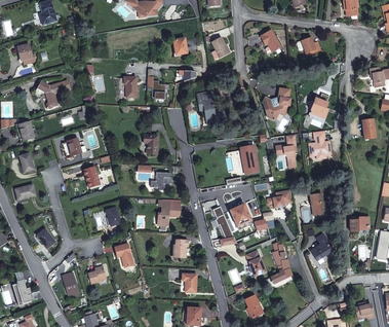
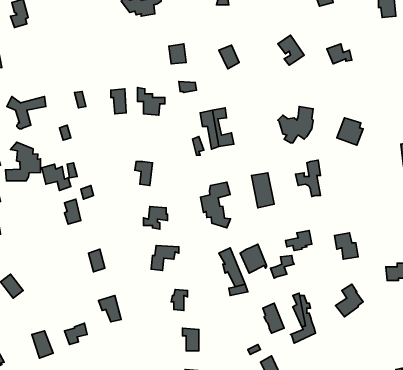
building: none -> [5,142,41,181]
building: [310,130,334,158] -> none
building: none -> [201,182,231,228]

